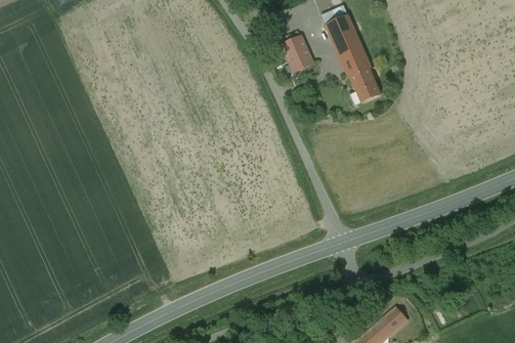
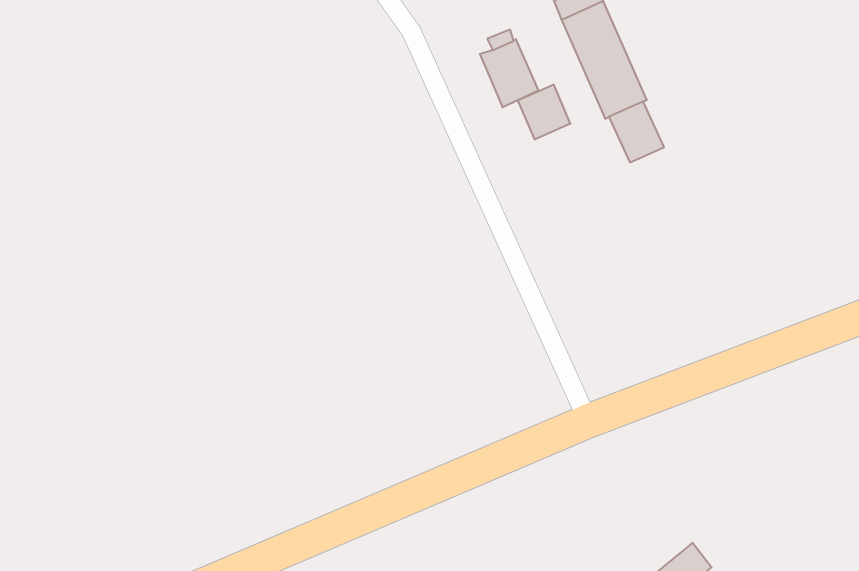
building: none -> [518,84,570,140]

